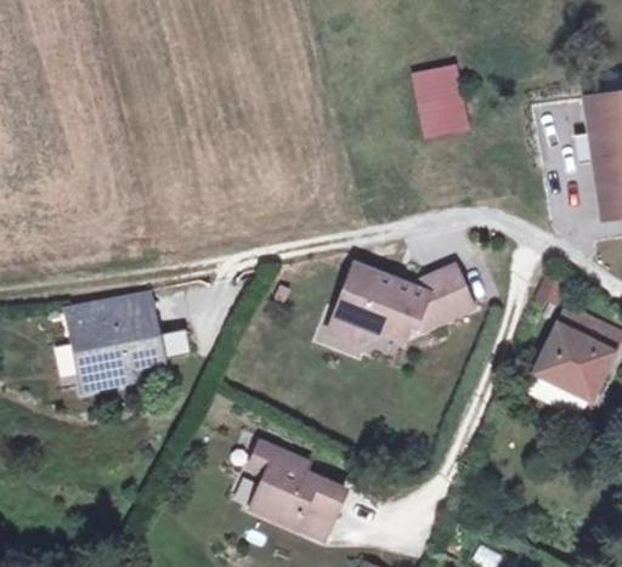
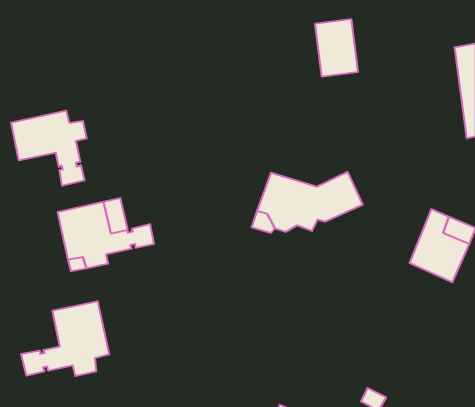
building: none -> [11,111,87,186]
building: none -> [21,301,109,376]
building: [245,442,343,538] -> none

